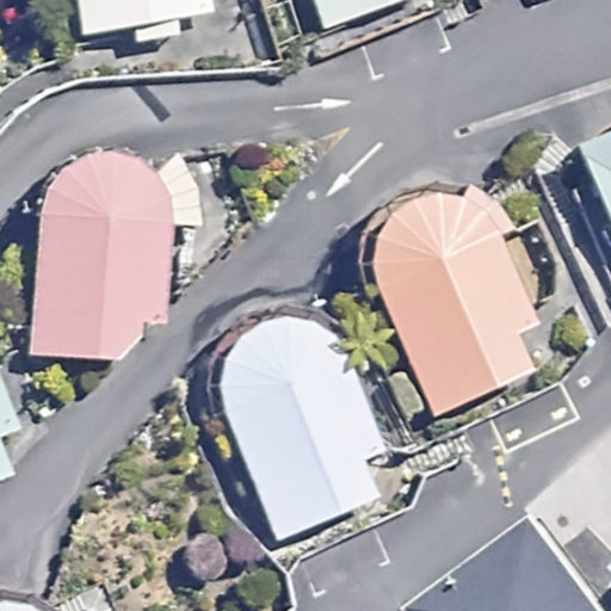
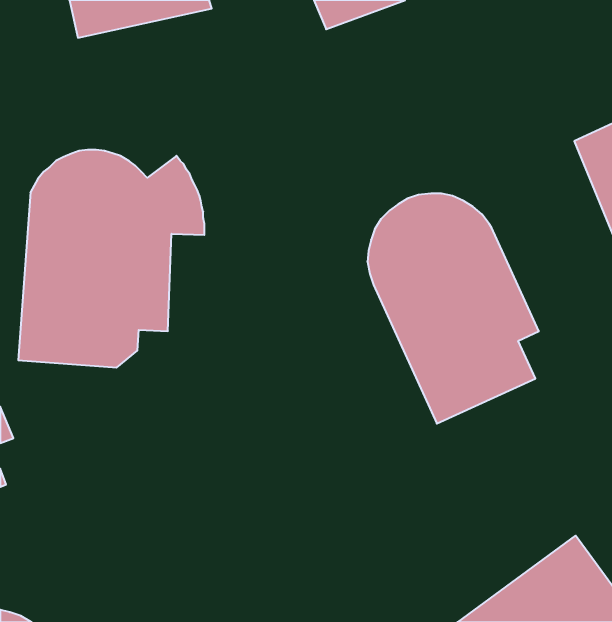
building: [218,315,387,539] -> none

